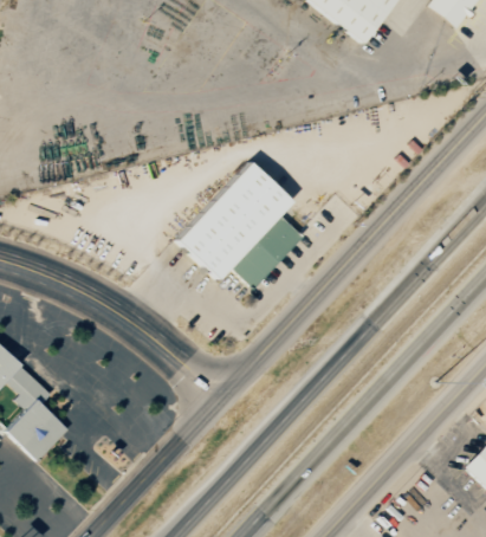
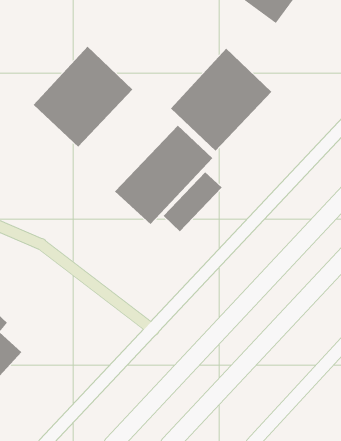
building: none -> [33,46,133,147]
building: none -> [170,48,272,151]

